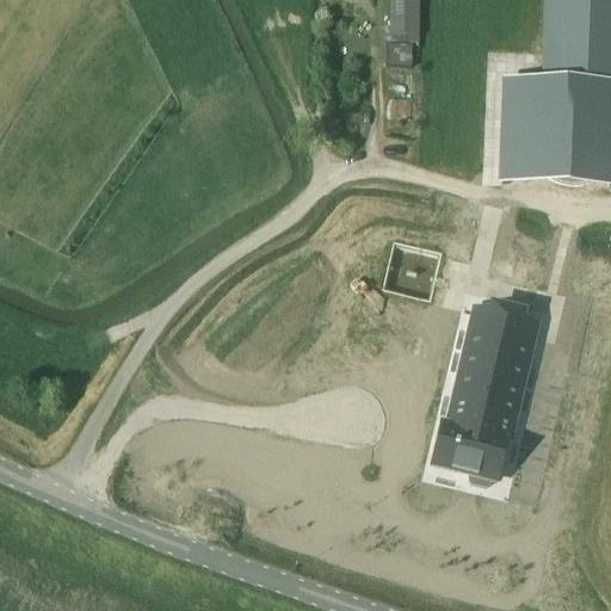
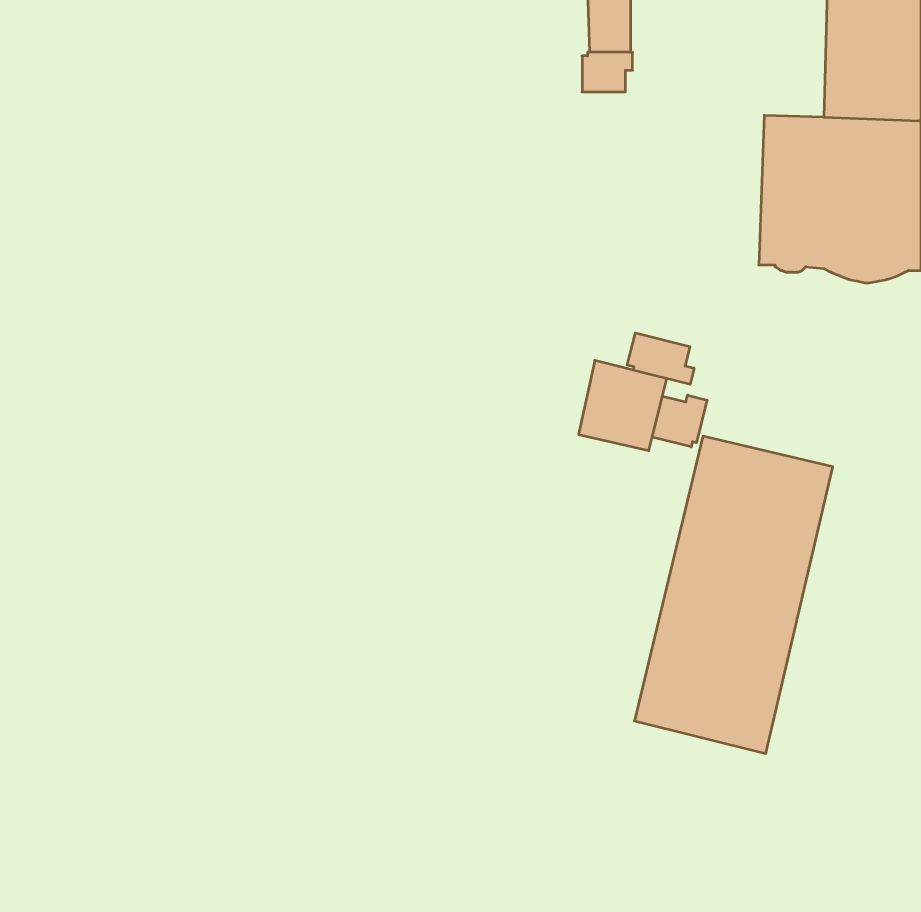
building: none -> [627,333,694,384]
building: none -> [652,395,707,447]

